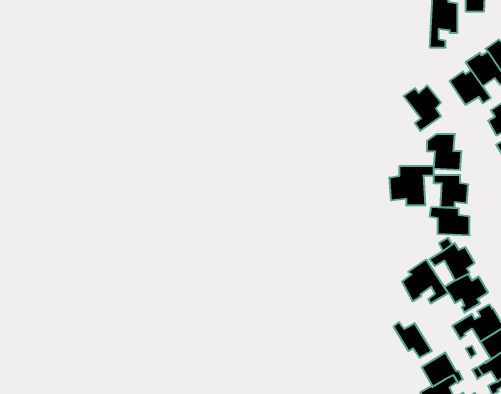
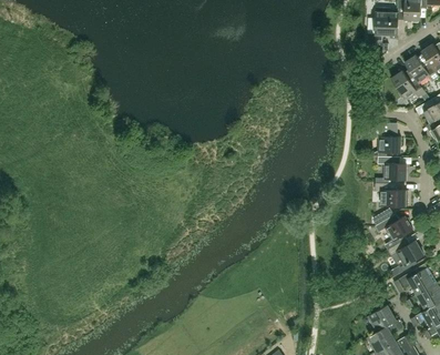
building: [404,85,441,131] -> none
building: [389,166,434,206] -> none
building: [402,260,448,304] -> none
building: [394,322,432,358] -> none

